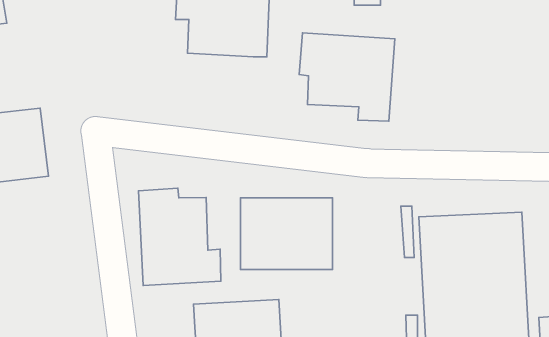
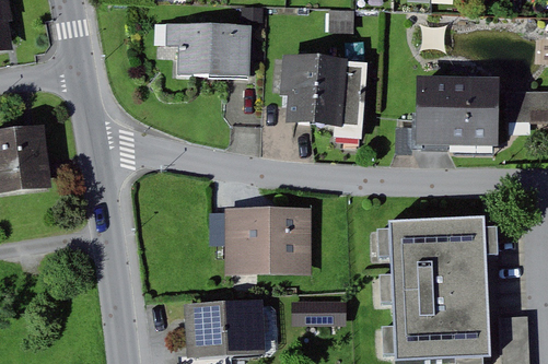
building: none -> [415,77,498,146]
building: [138,188,221,286] -> none

